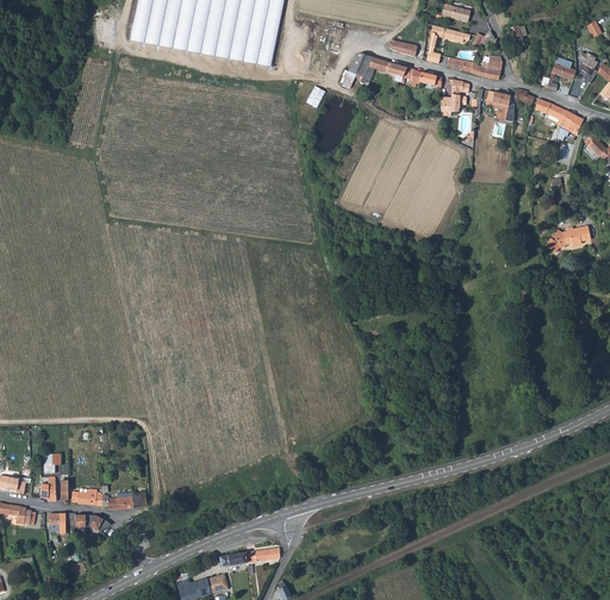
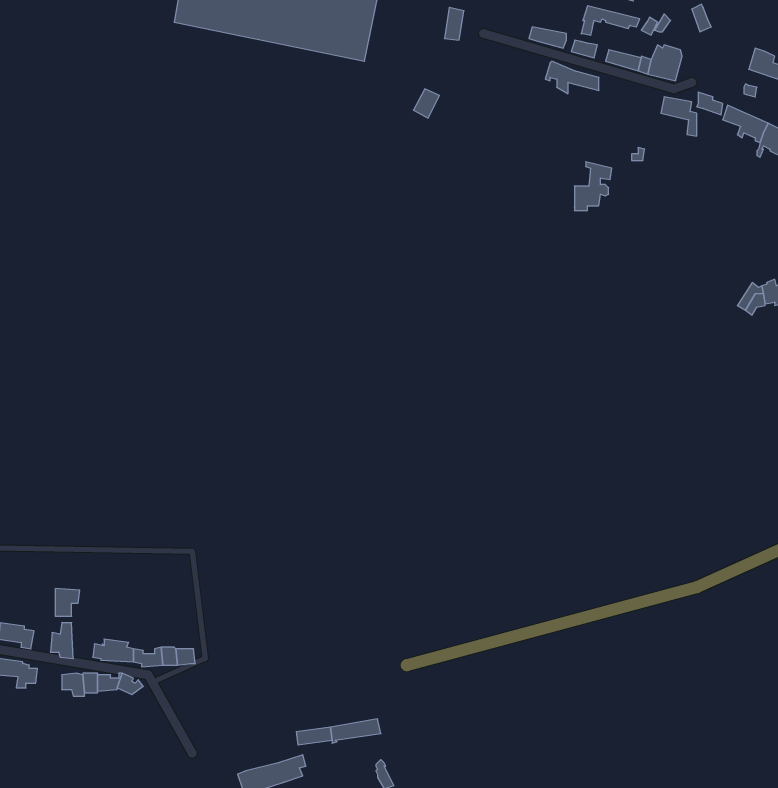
building: [348,54,406,82] -> none
building: [441,79,468,114] -> [574,162,612,211]

